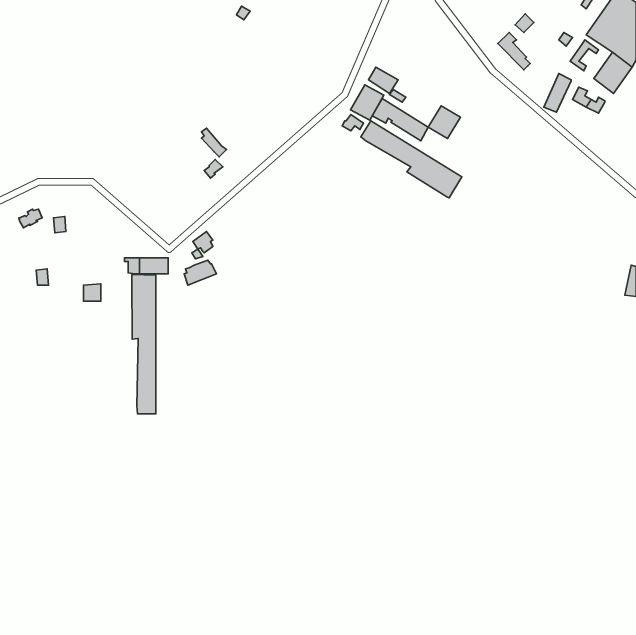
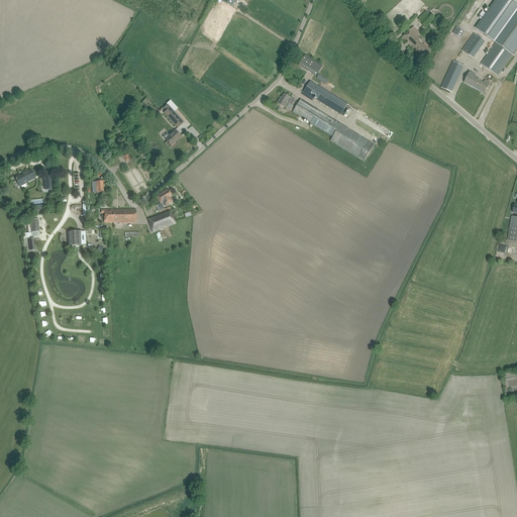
building: [351,85,384,120] -> none
building: [428,106,460,138] -> none
building: [132,275,156,414] -> none

